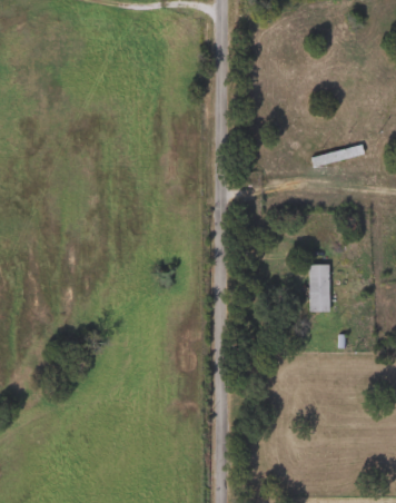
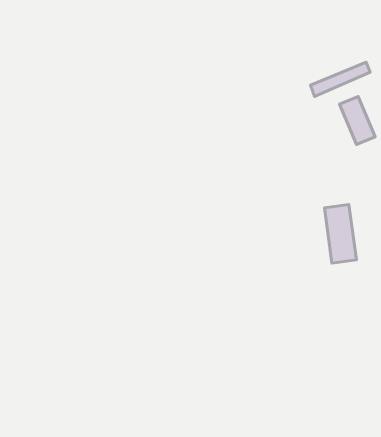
building: none -> [340,96,375,144]

